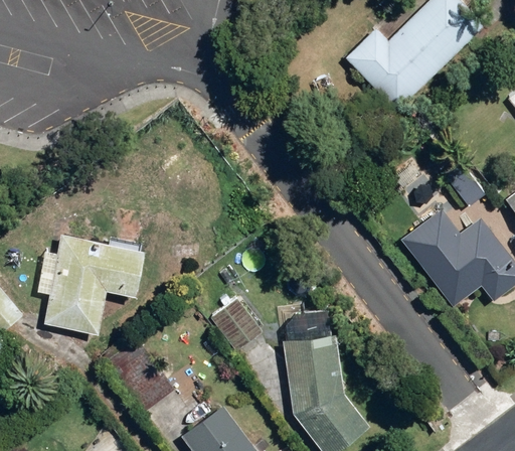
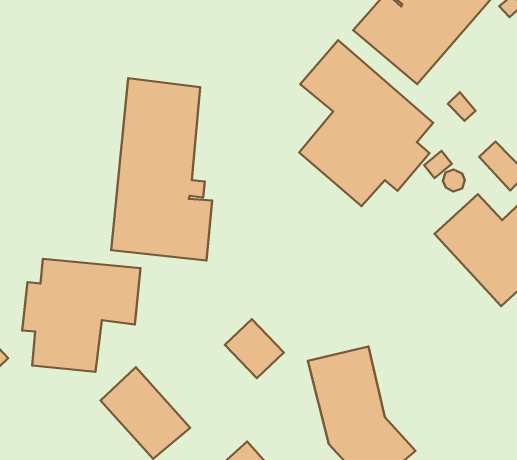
building: none -> [299,40,433,206]
building: none -> [111,78,212,261]

